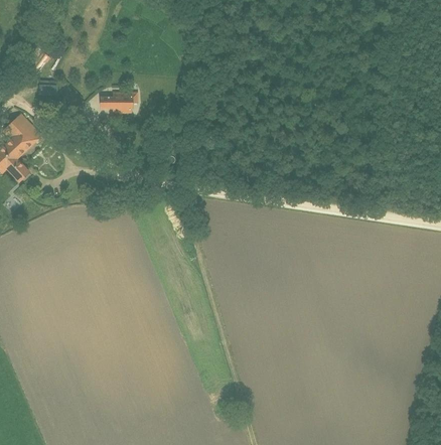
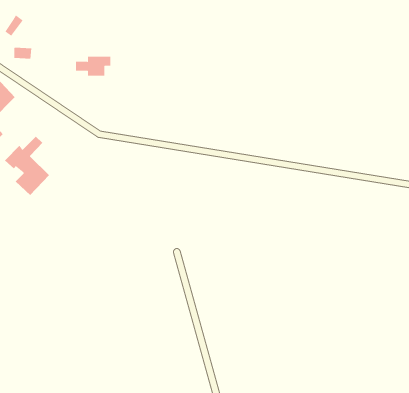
building: none -> [4,136,50,196]

